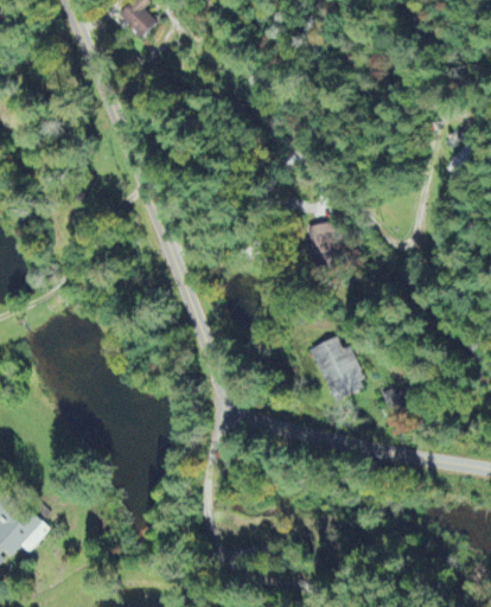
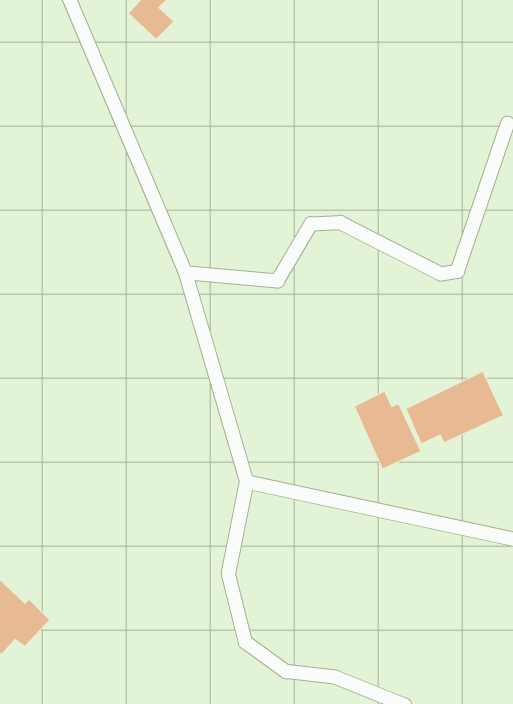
building: [304,219,342,264] -> none
building: none -> [406,371,503,444]

